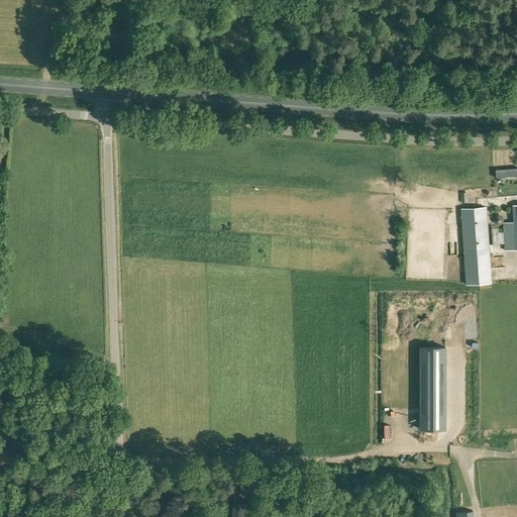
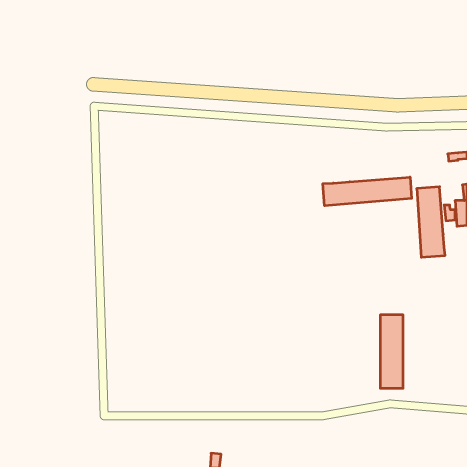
building: none -> [323,177,412,206]

